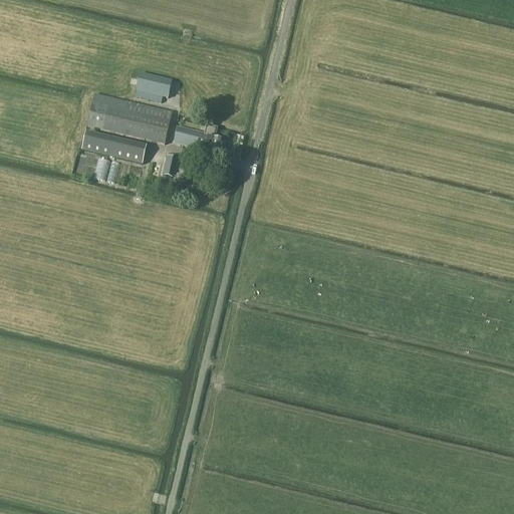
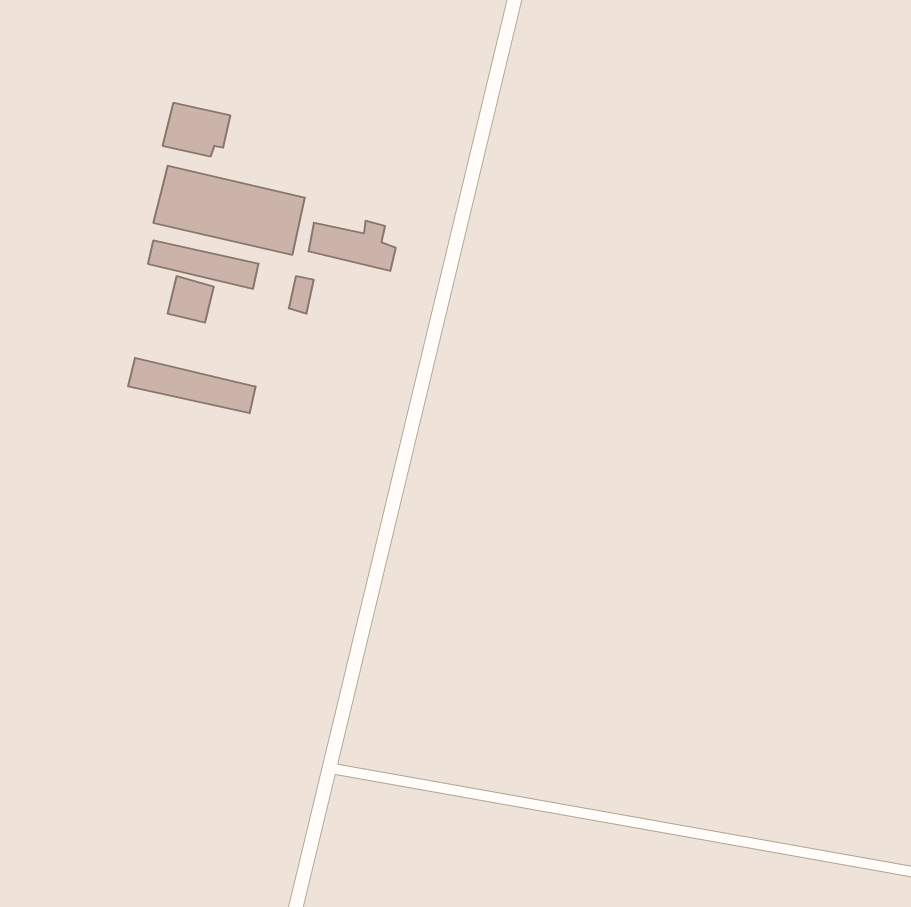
building: [134,72,172,102] -> [163,103,230,156]
building: none -> [128,358,256,413]

